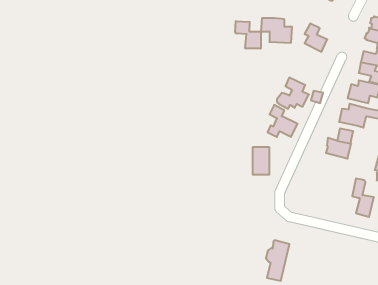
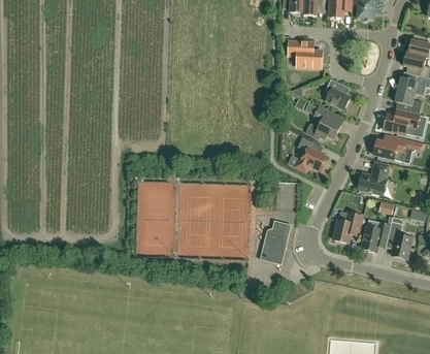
building: [235,21,261,49] -> none
building: [305,23,327,52] -> [325,77,350,108]
building: none -> [333,212,362,242]
building: none -> [361,221,390,251]
building: [266,240,289,281] -> [265,219,291,263]

